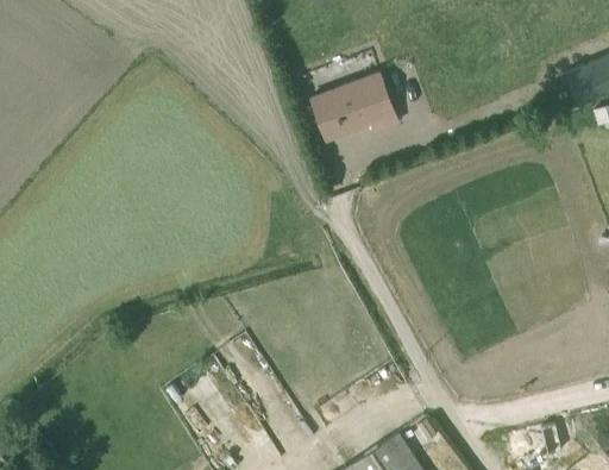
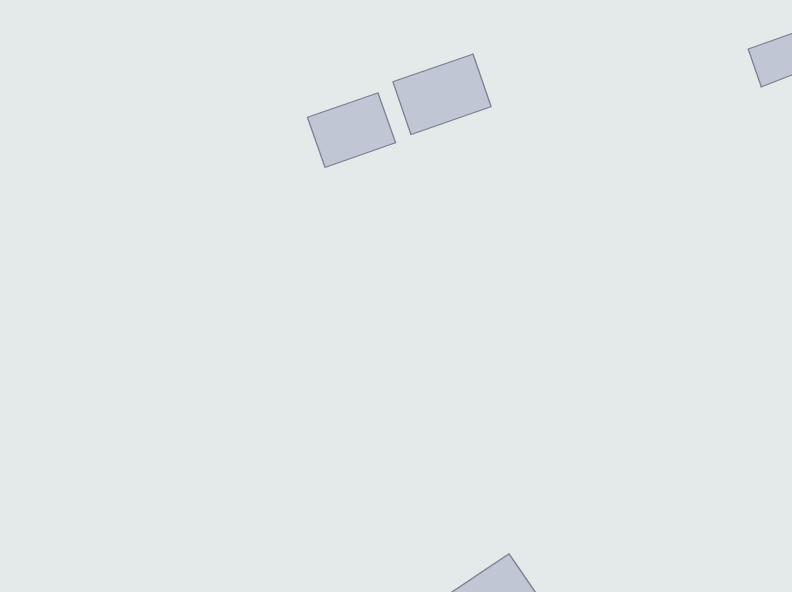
building: none -> [307,93,395,167]

